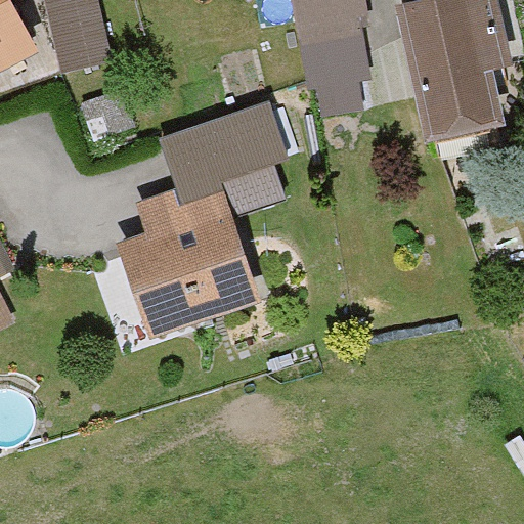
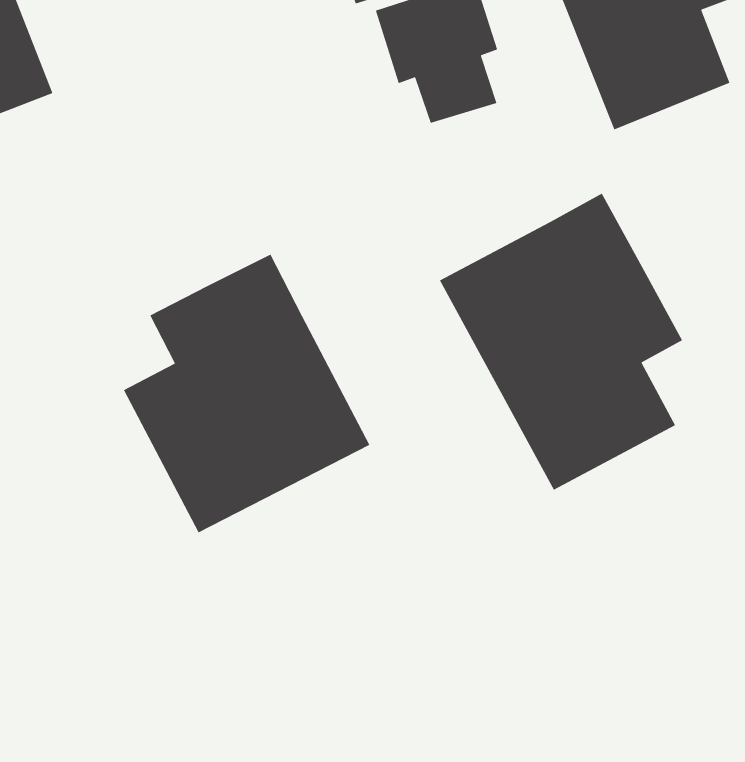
building: [158,100,286,215] -> none
building: none -> [439,192,683,491]

